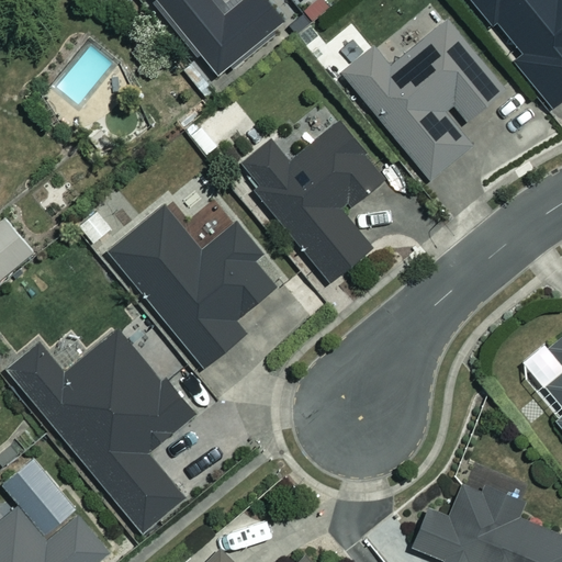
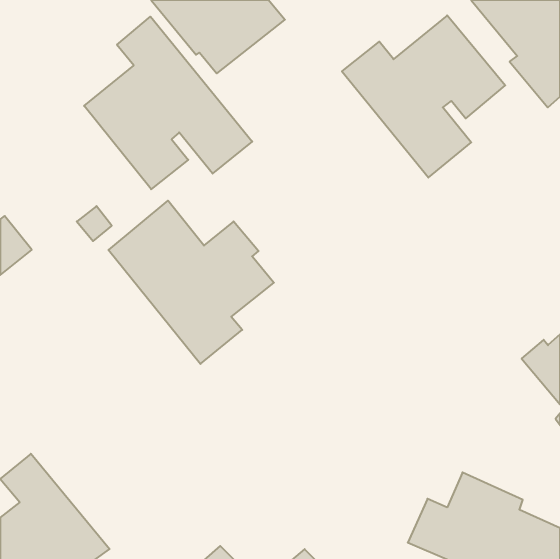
building: none -> [84,17,252,189]
building: [238,121,383,281] -> none
building: [9,329,193,532] -> none

